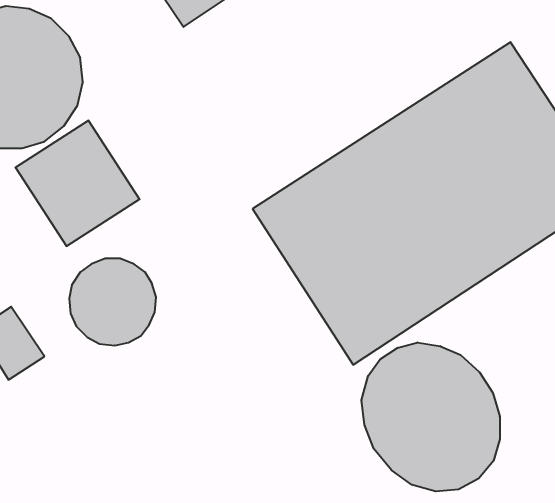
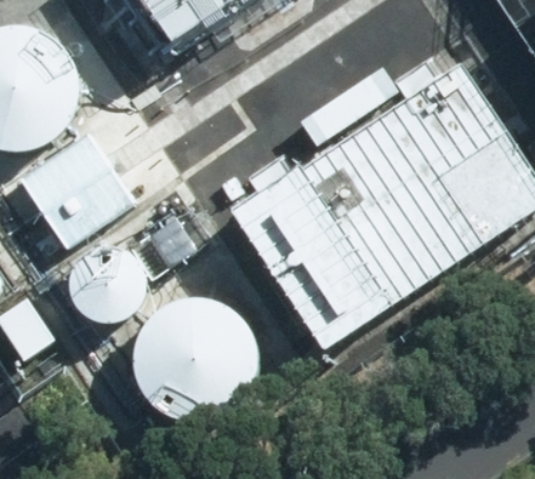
building: none -> [136,297,261,421]
building: [362,342,500,491] -> none

